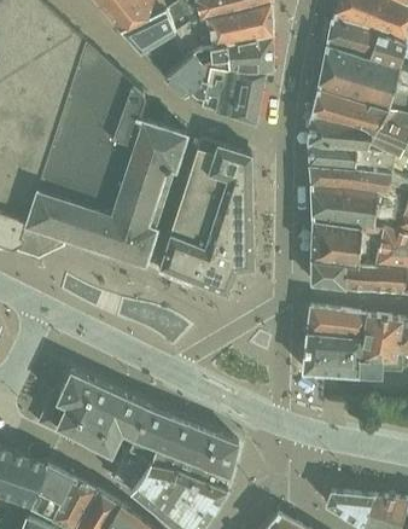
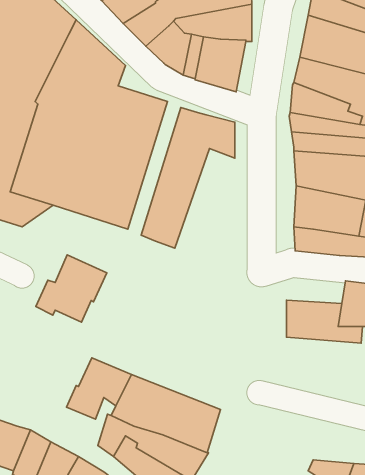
building: [194,181,257,296] -> none
building: [307,307,366,337] -> none
building: [40,373,111,441] -> [36,255,107,322]

